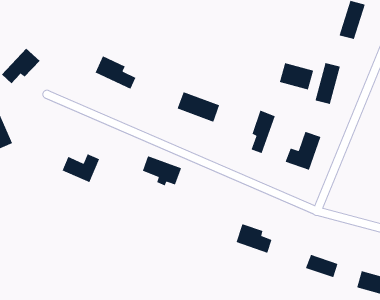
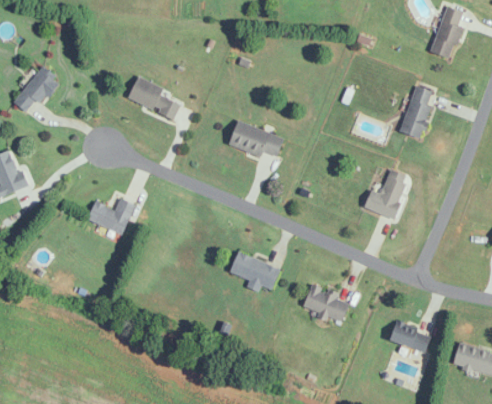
building: [279,62,314,91] -> none
building: [251,110,276,154] -> none
building: [142,155,182,186] -> [230,253,280,292]

